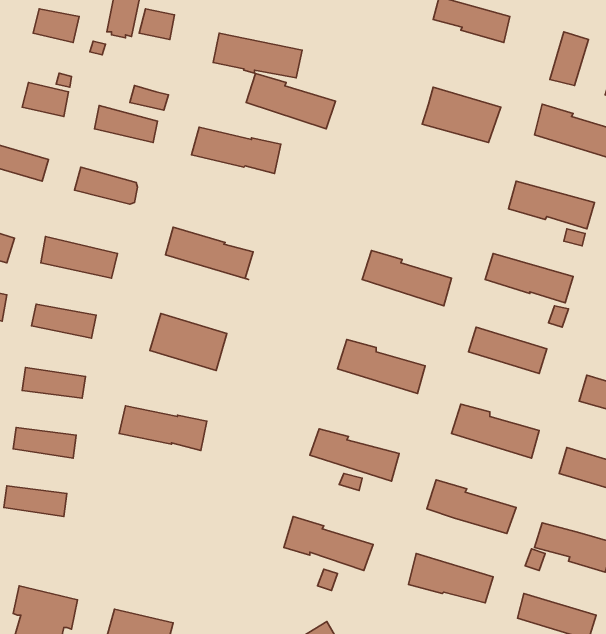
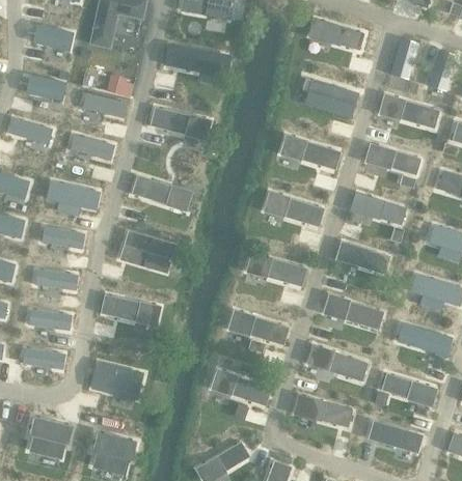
building: [246,73,335,129] -> [280,133,341,170]
building: none -> [91,362,142,398]

